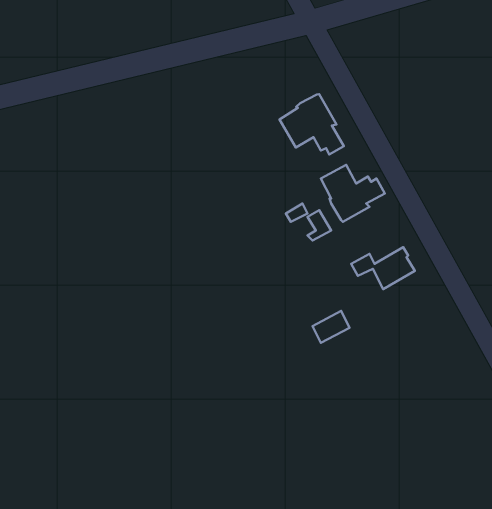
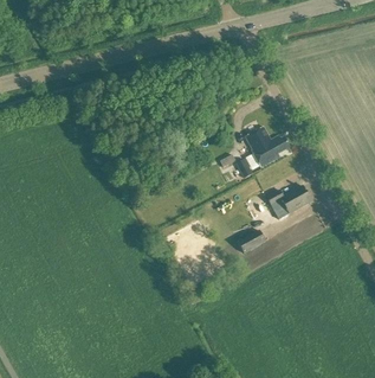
building: [279,94,344,154] -> none

